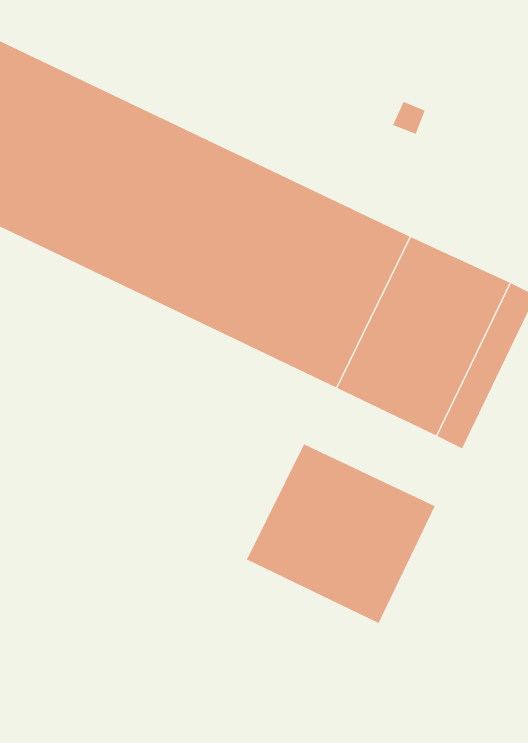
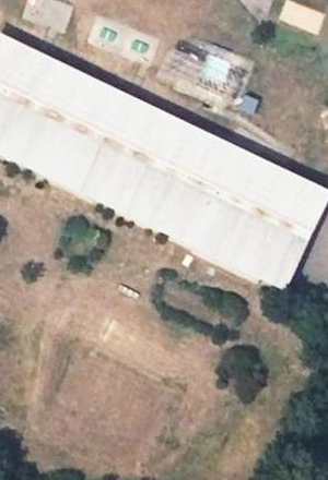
building: [246,443,436,624] -> none

